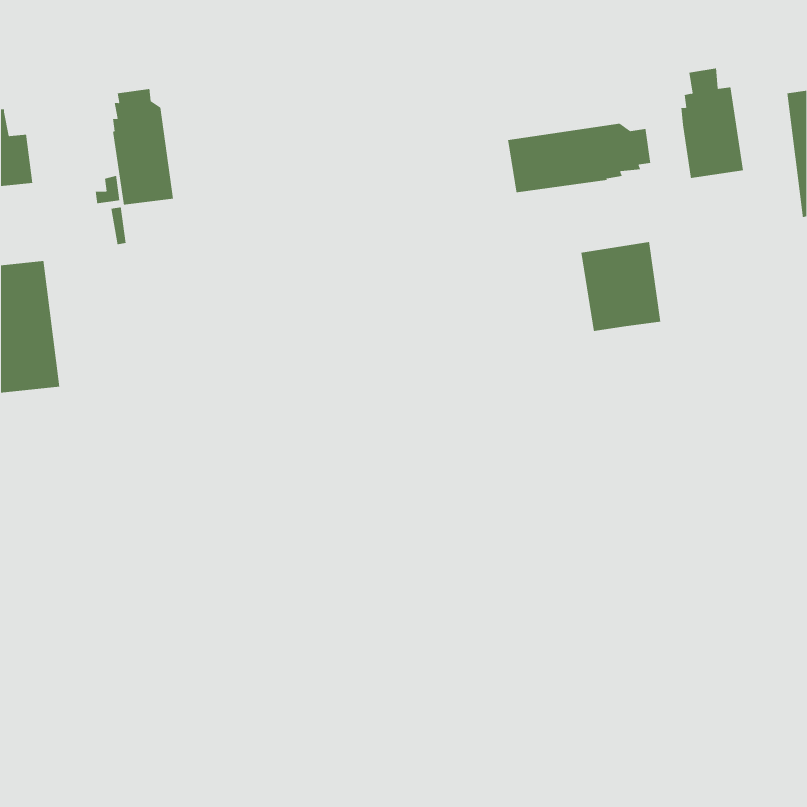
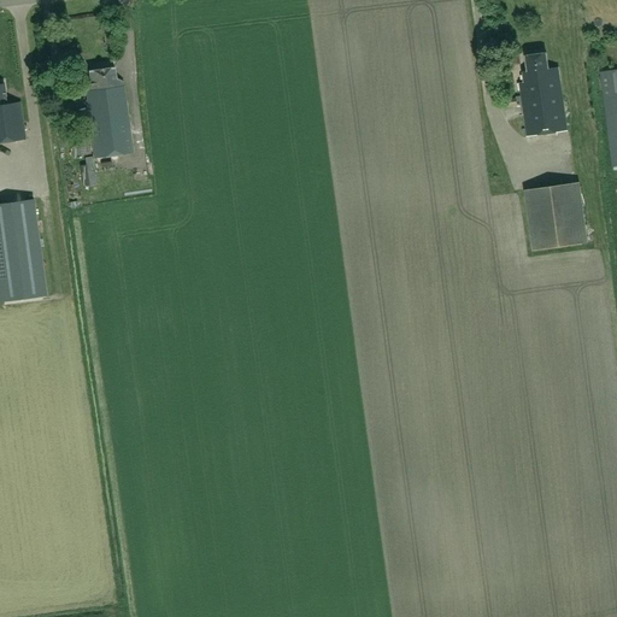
building: [508,123,651,193] -> none
building: [580,241,661,331] -> [524,182,586,251]

